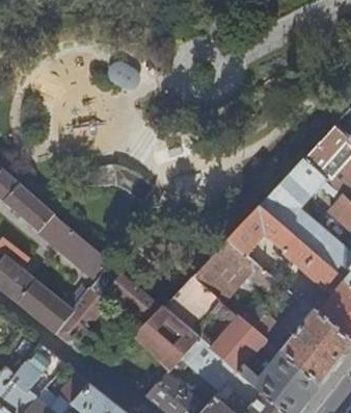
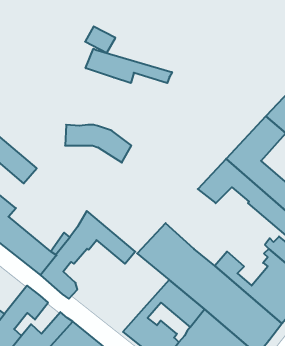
building: none -> [86,49,172,83]
building: [37,215,107,280] -> none
building: [193,238,300,309] -> none
building: [134,307,197,369] -> none

